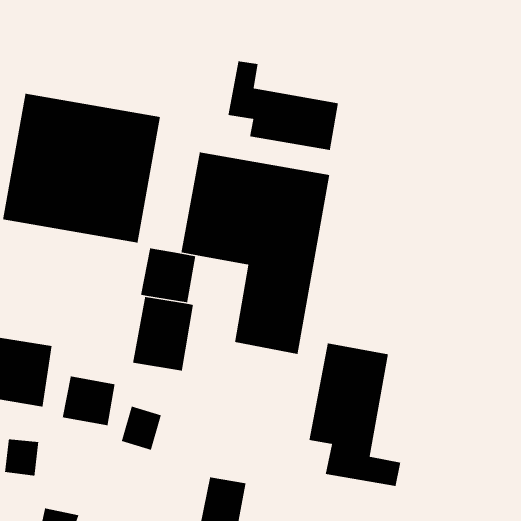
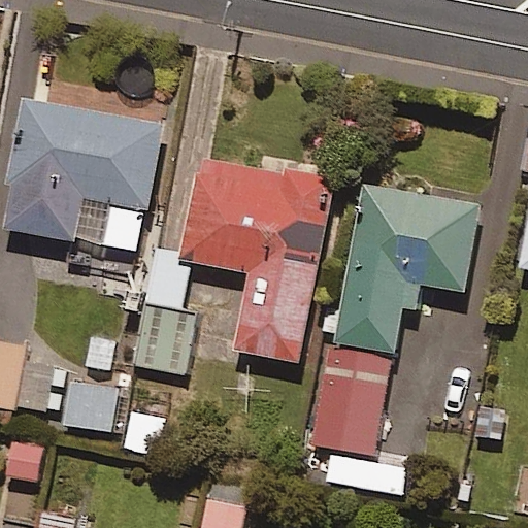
building: [227,60,339,151] -> none
building: none -> [335,186,478,350]

